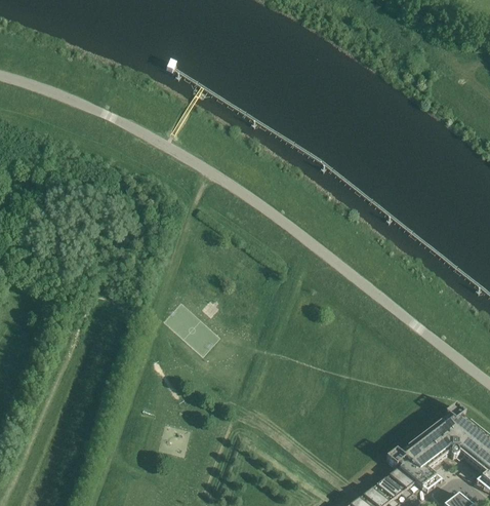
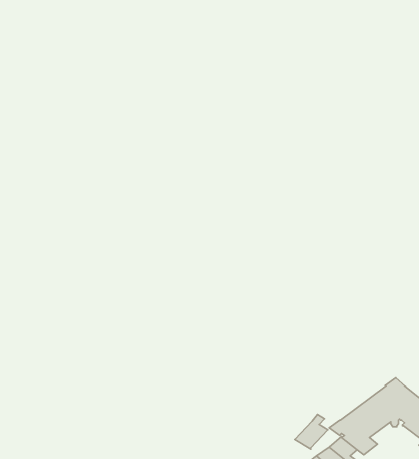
building: none -> [295,415,328,449]

